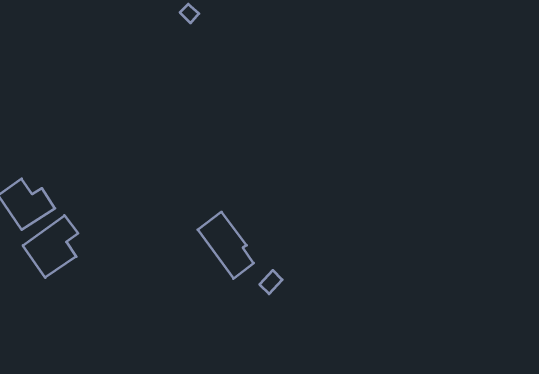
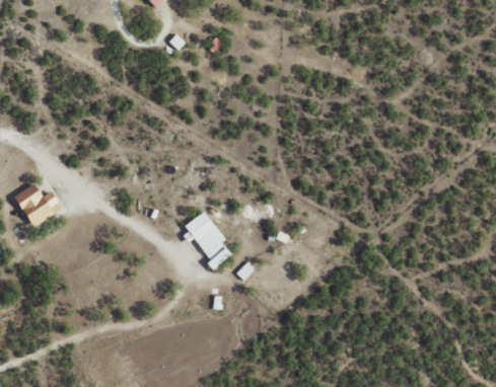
building: [23,215,78,278] -> none

